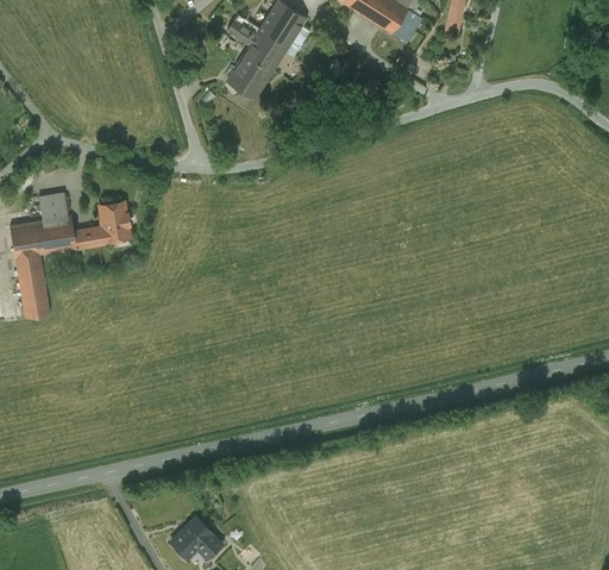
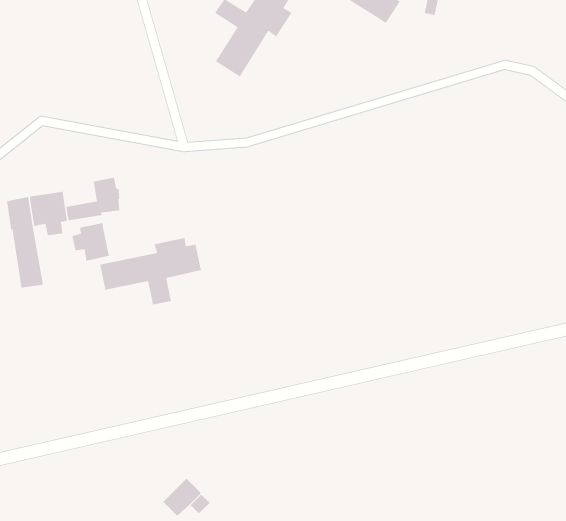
building: [38,193,65,220] -> none
building: none -> [71,222,110,261]
building: none -> [99,237,202,306]

